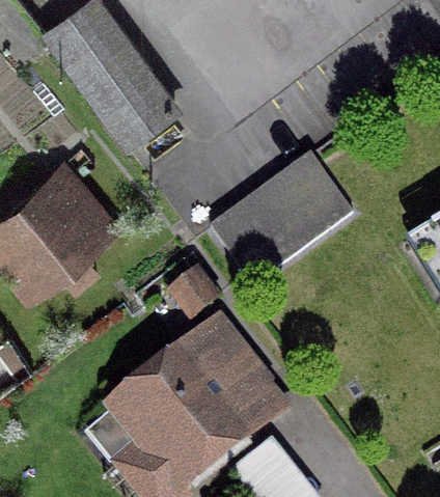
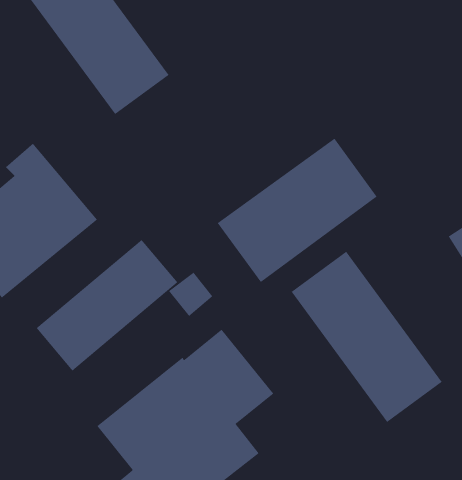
building: none -> [36,239,178,371]
building: none -> [291,251,442,423]

